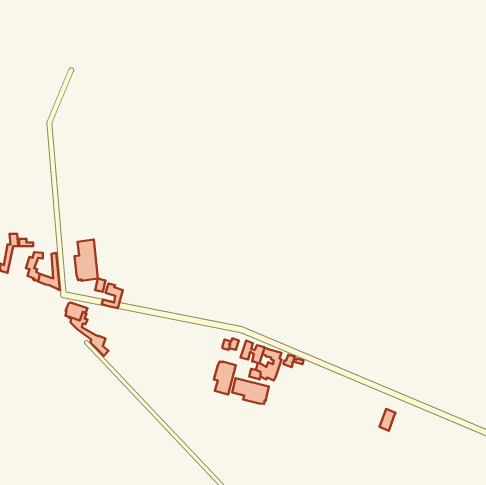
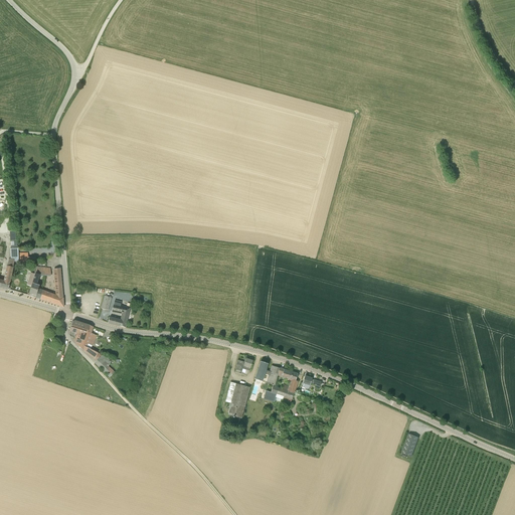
building: [74,240,98,281] -> none
building: [232,378,269,404] -> none

